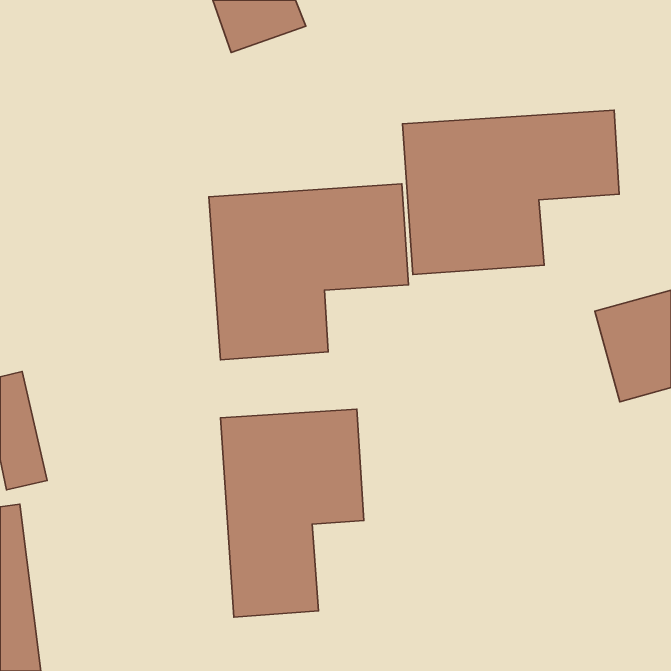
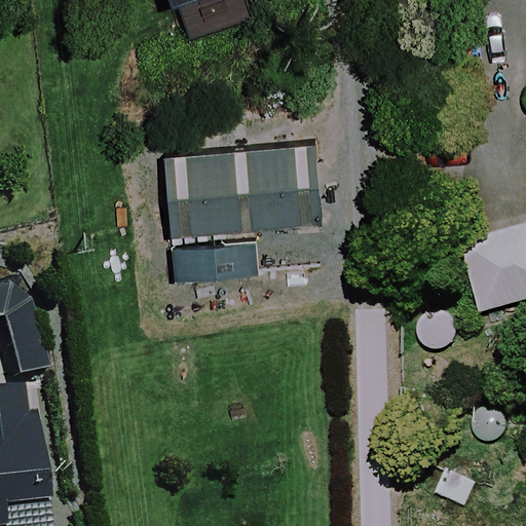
building: [403,110,619,274] -> none
building: [220,409,364,617] -> none

